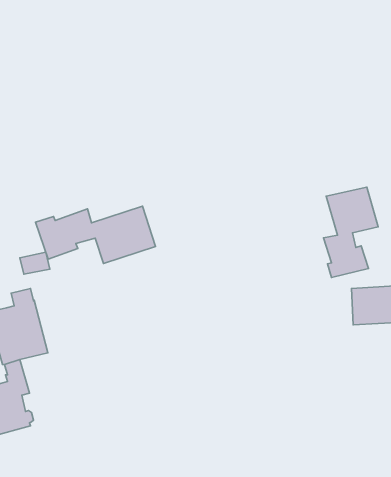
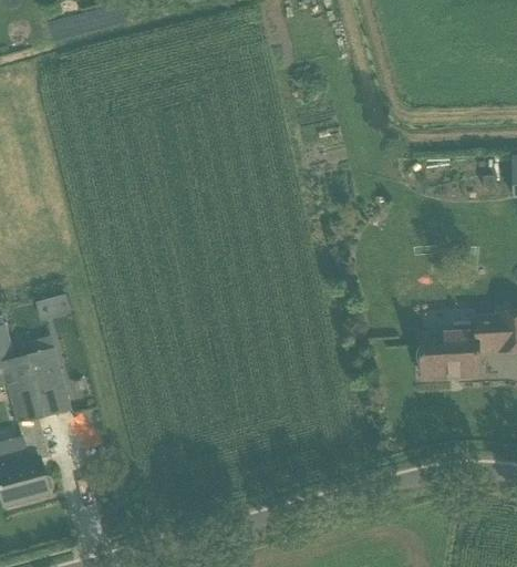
building: [323,187,378,278] -> none
building: [36,206,155,263] -> none

